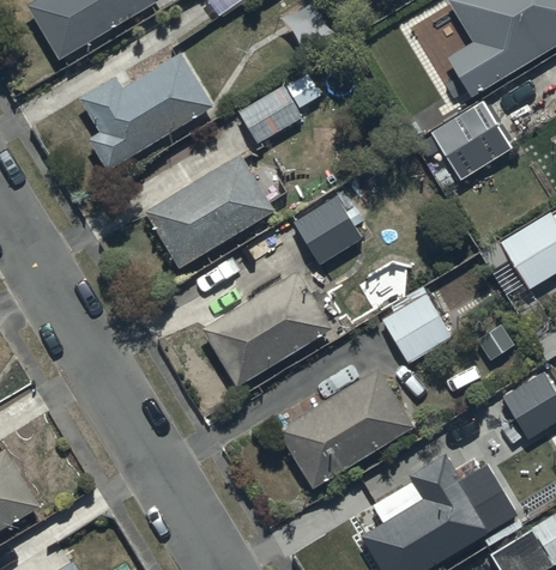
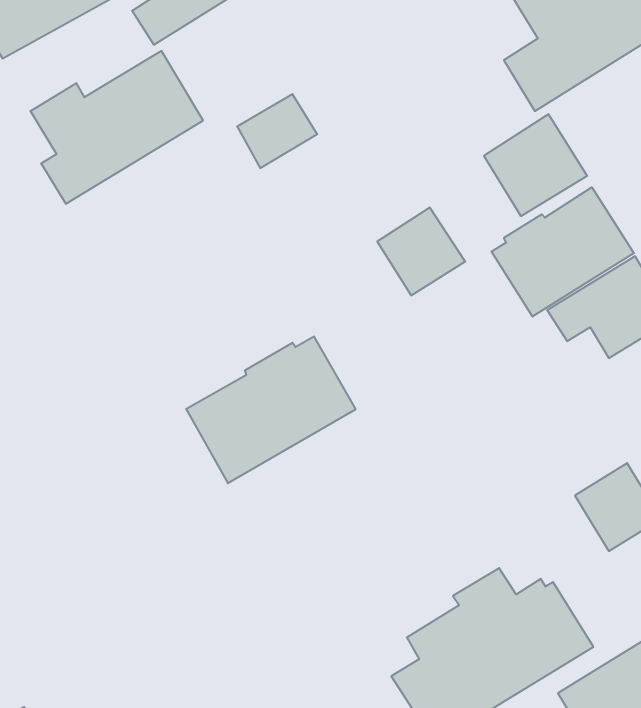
building: [146,154,276,268] -> none
building: none -> [492,187,634,317]
building: [295,196,363,265] -> [377,207,465,295]
building: [382,286,454,364] -> none
building: [277,368,416,490] -> none

